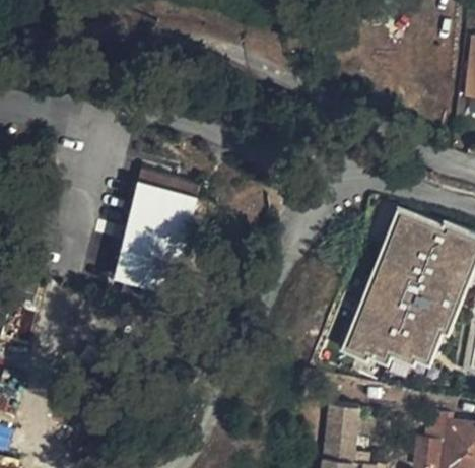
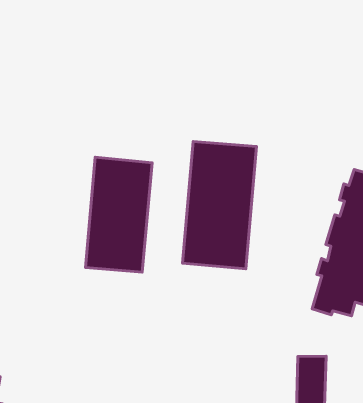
building: none -> [183,142,257,269]

